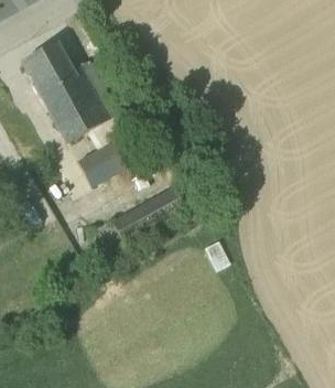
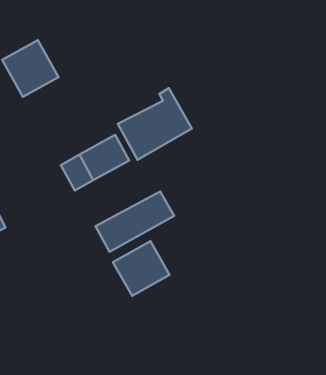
building: [46,73,117,141] -> [118,88,192,160]
building: none -> [113,241,170,296]

